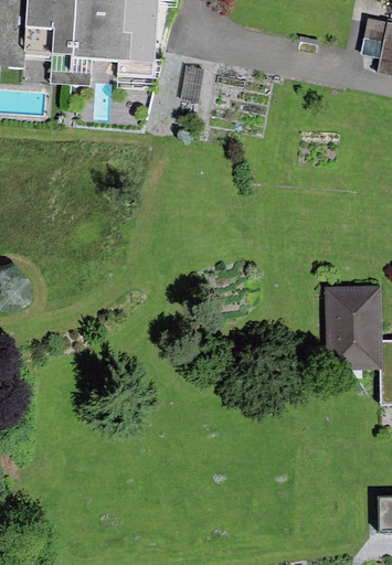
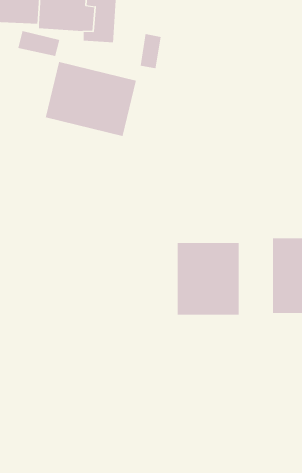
building: none -> [45,61,137,137]
building: none -> [177,242,239,315]

